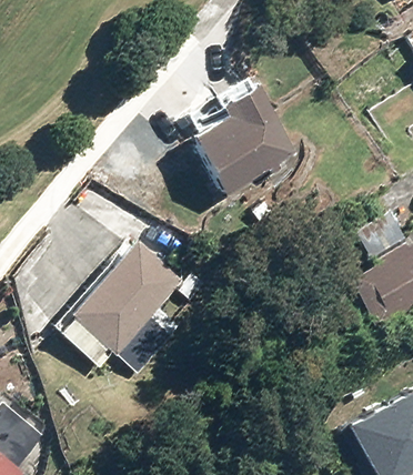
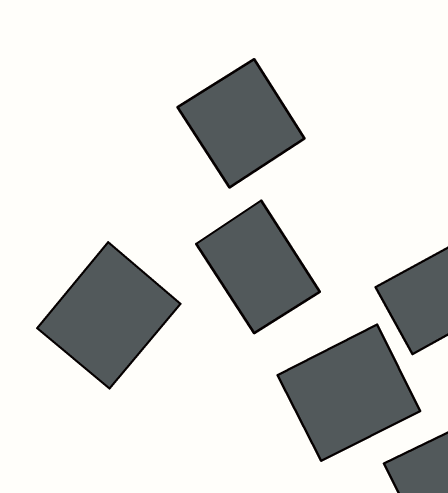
building: none -> [196,201,320,333]
building: none -> [278,324,420,461]

